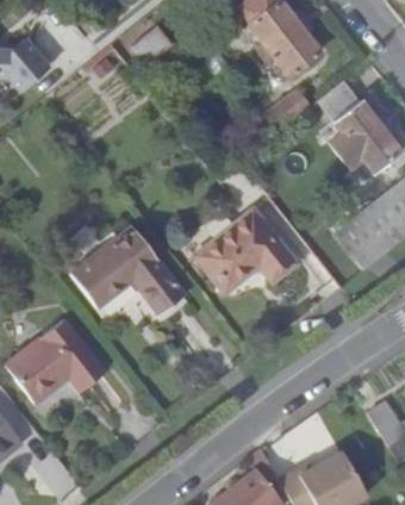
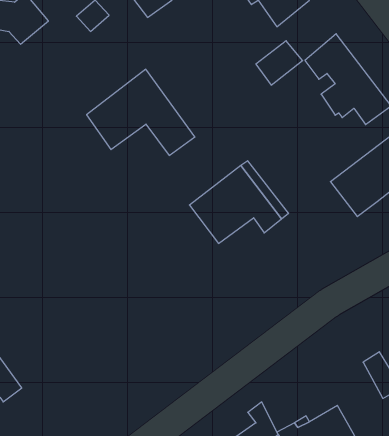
building: [76,225,187,313] -> [87,69,195,155]
building: [8,322,104,403] -> none

